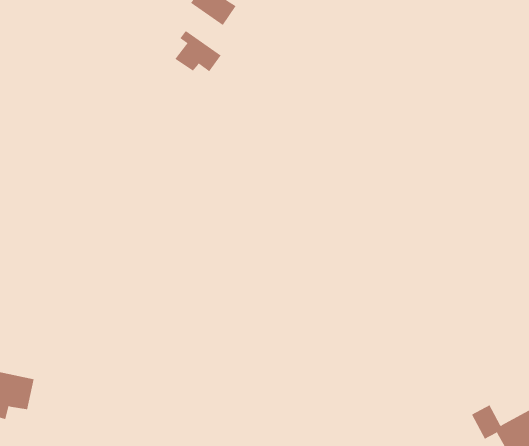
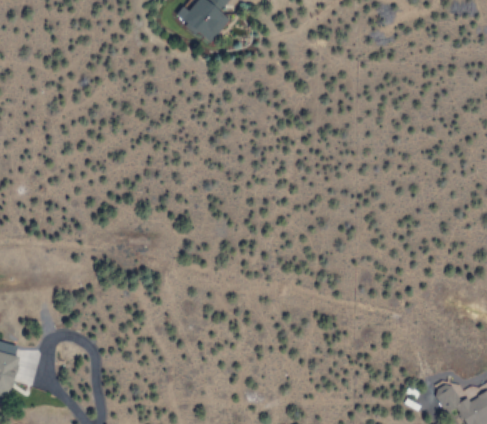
building: [175,30,222,72] -> none

